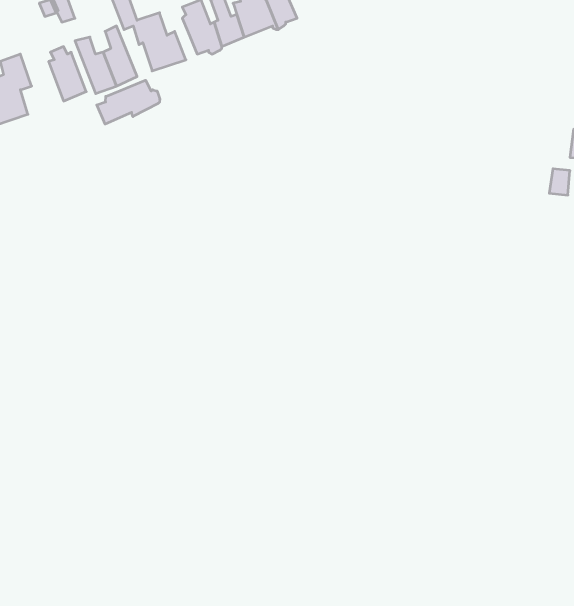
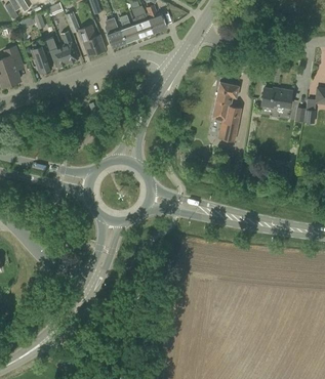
building: [97,80,160,124] -> none
building: none -> [211,82,241,141]
building: none -> [261,87,291,107]

